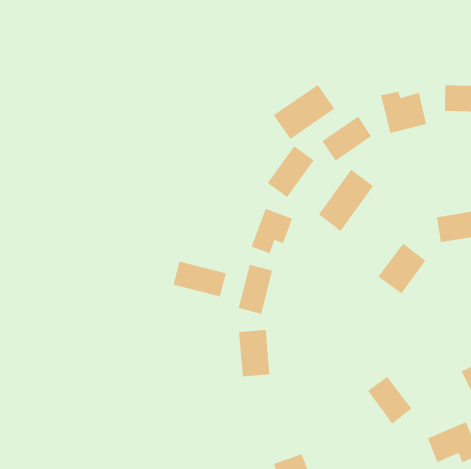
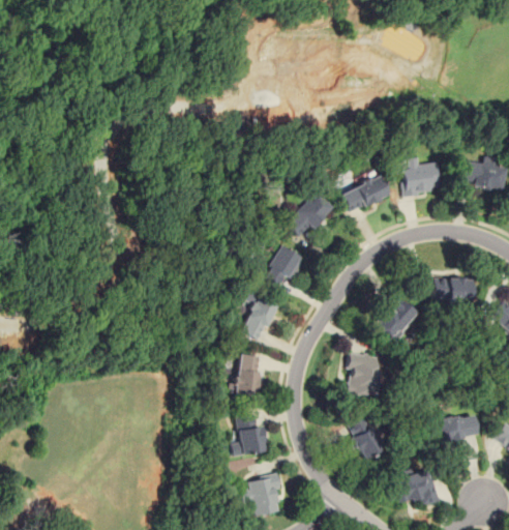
building: [273,84,335,140] -> none
building: [318,169,374,232] -> none
building: [173,261,226,297] -> none
building: none -> [345,351,384,399]
building: none -> [237,413,267,454]

